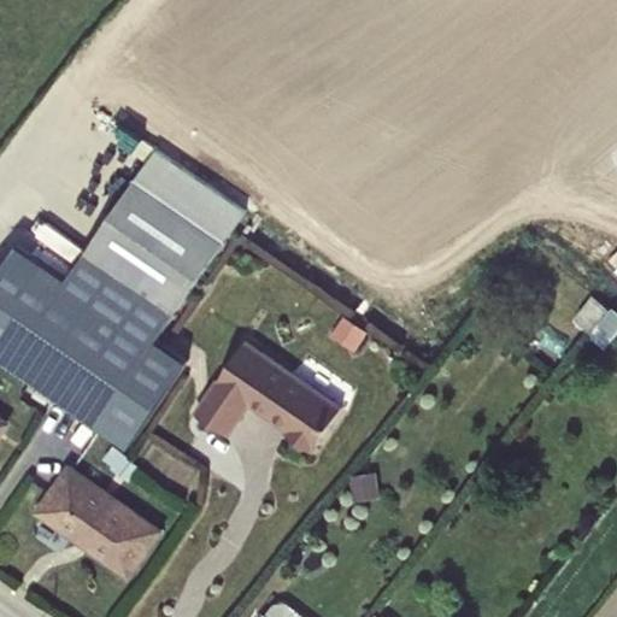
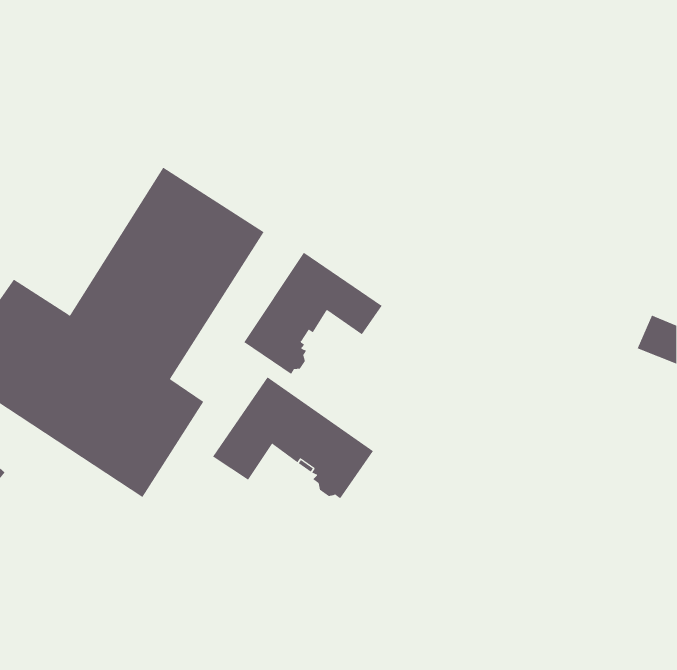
building: none -> [244,252,383,375]
building: [40,472,158,580] -> none

